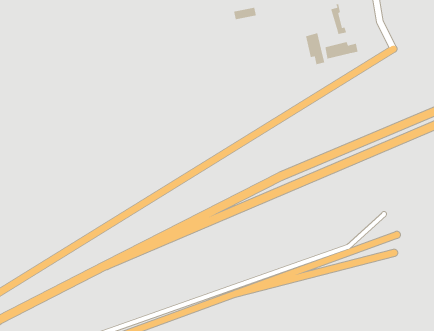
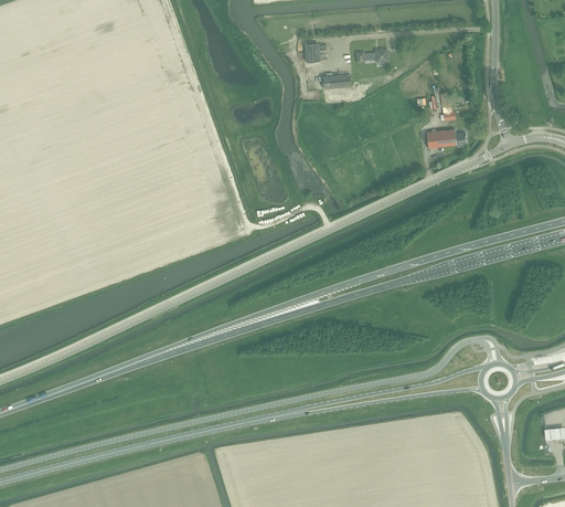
building: [305,32,325,65] -> none

